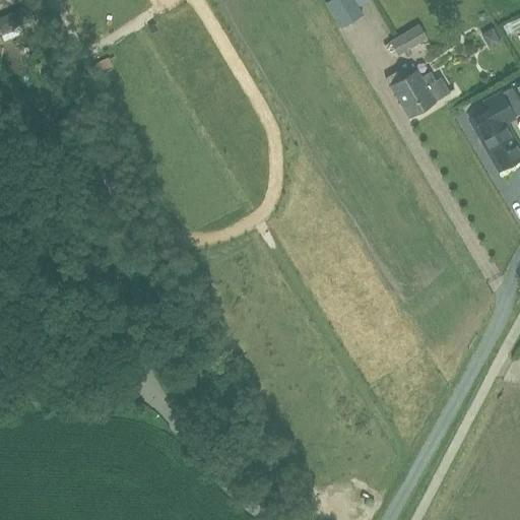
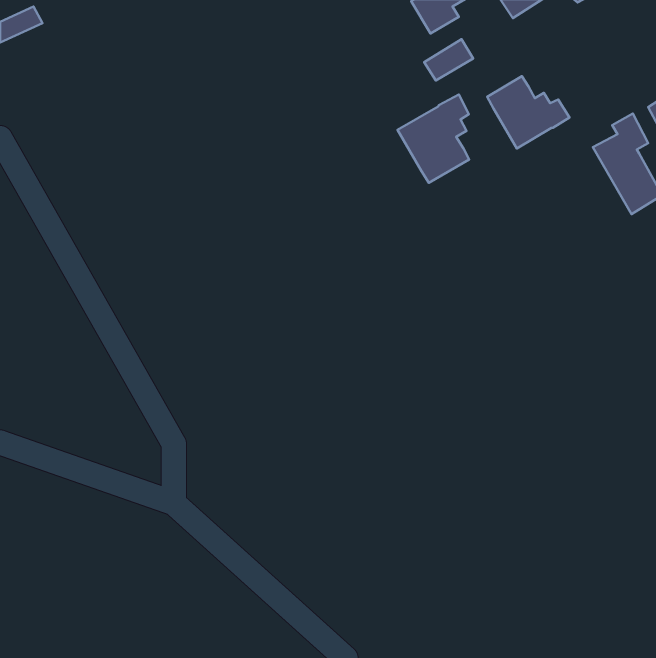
building: [390,21,429,54] -> [424,39,473,80]
building: none -> [398,94,469,183]

